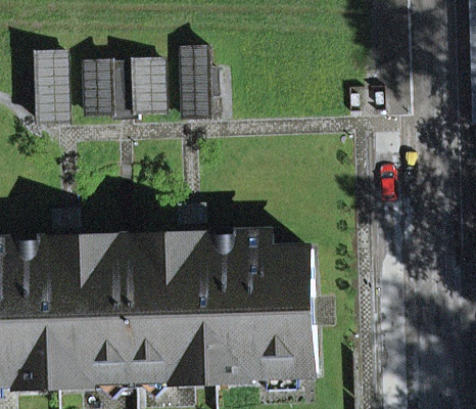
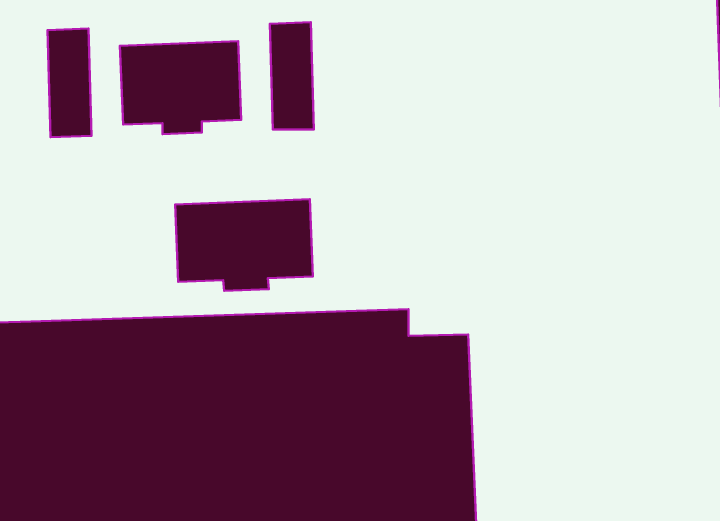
building: none -> [175,199,313,291]

